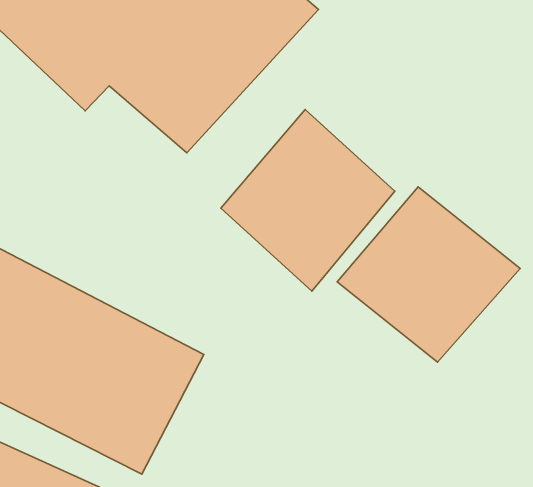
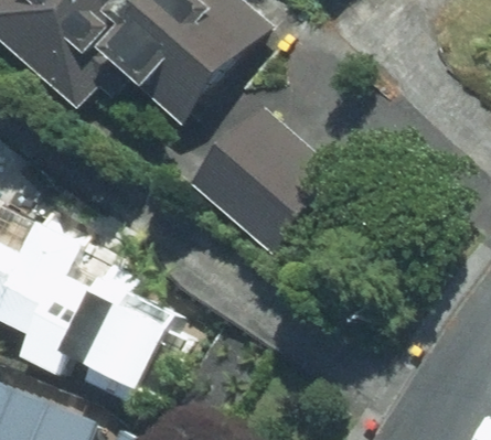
building: [337,187,520,362] -> none

